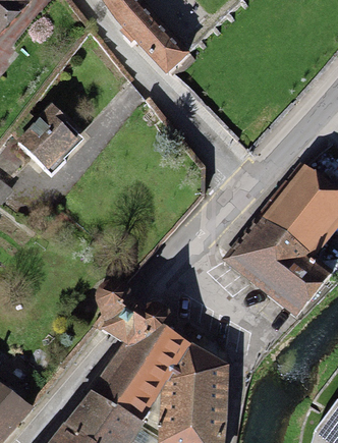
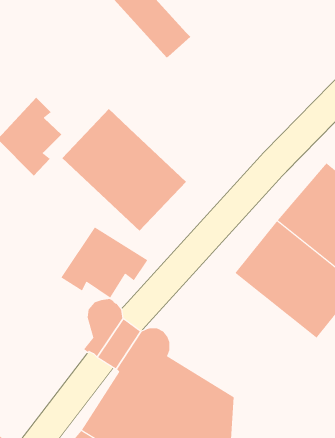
building: none -> [62,108,187,232]
building: none -> [61,226,148,299]

